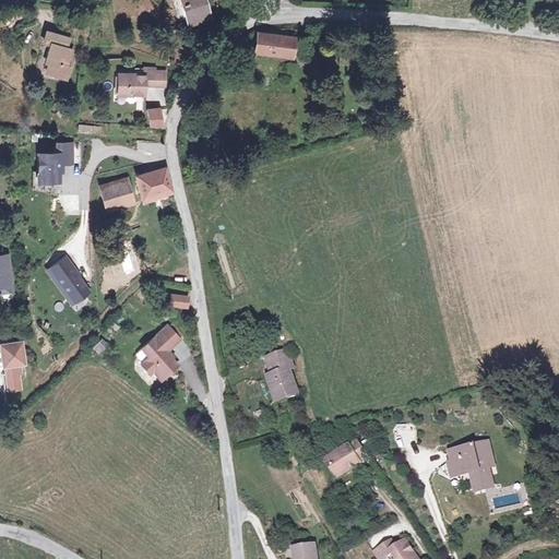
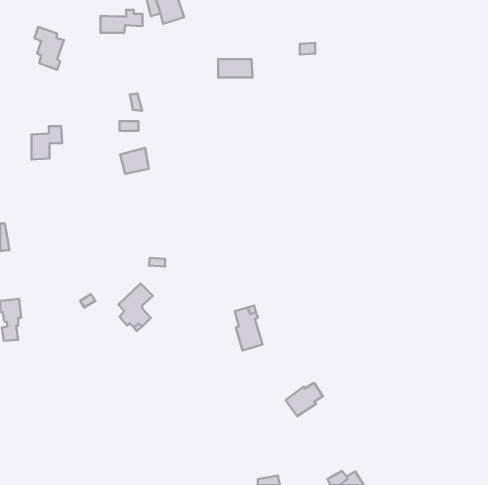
building: [258,34,297,55] -> [218,59,253,77]
building: [116,69,164,95] -> [100,10,142,33]
building: [99,179,130,209] -> none
building: [49,259,87,302] -> none
building: [453,440,497,488] -> none

